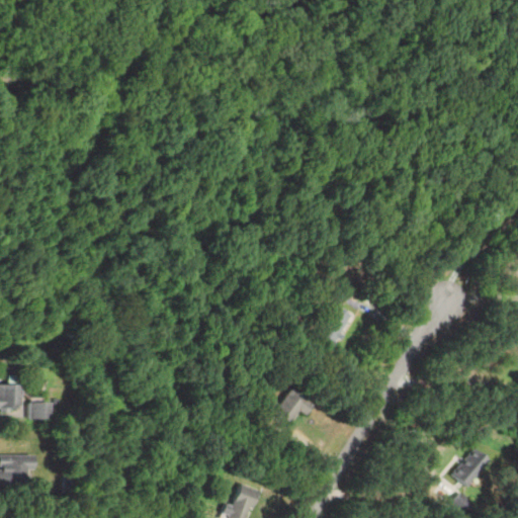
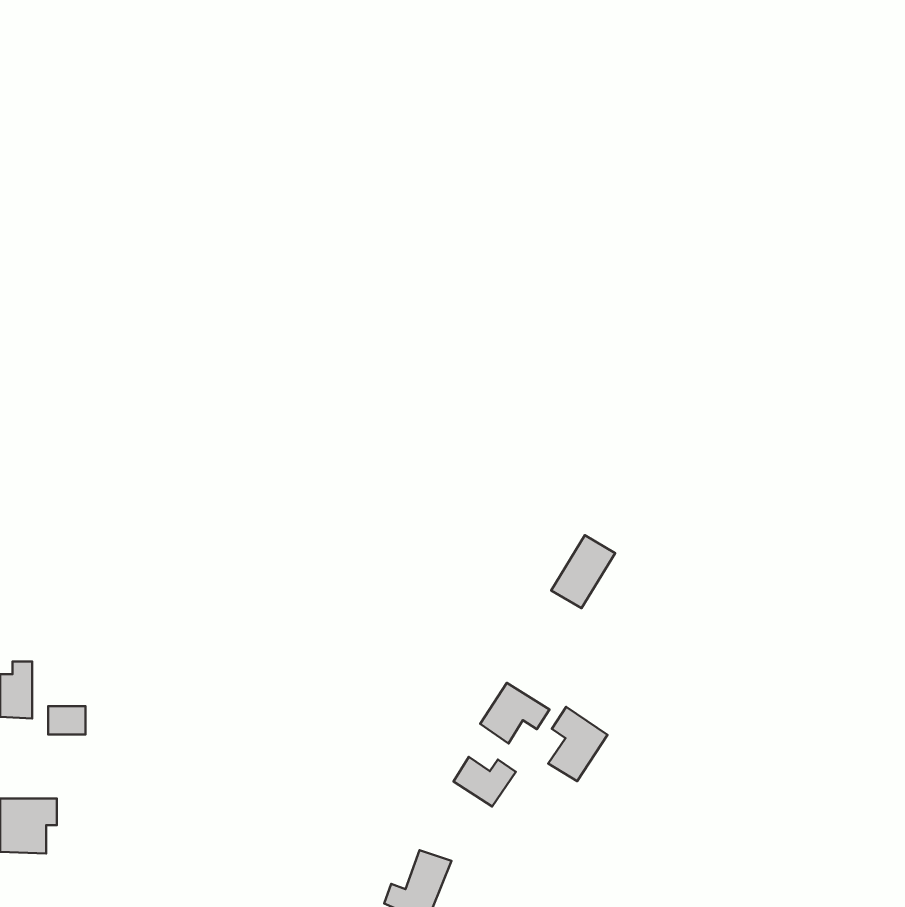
building: none -> [548,707,607,781]
building: none -> [454,757,516,807]
building: [448,448,486,488] -> none

